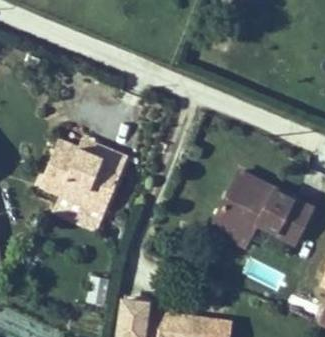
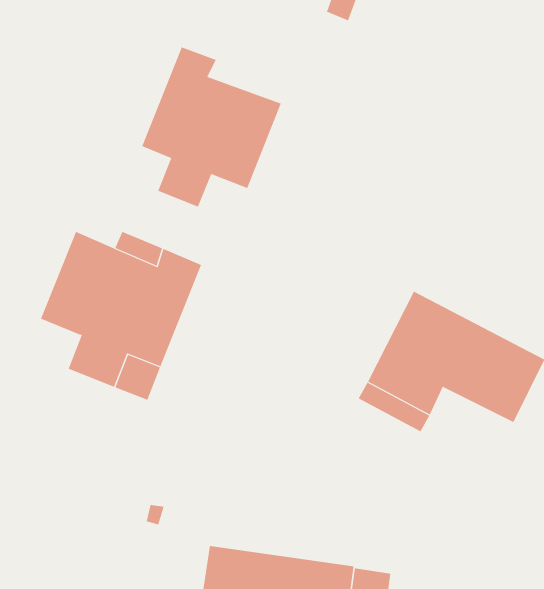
building: none -> [141,46,282,207]

